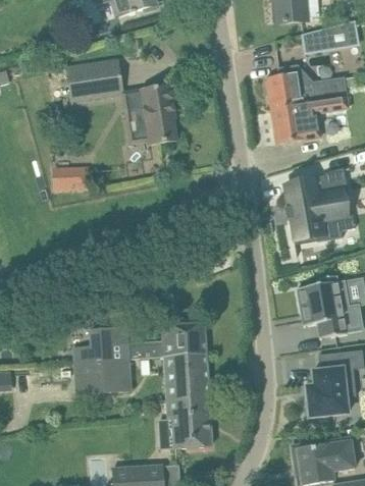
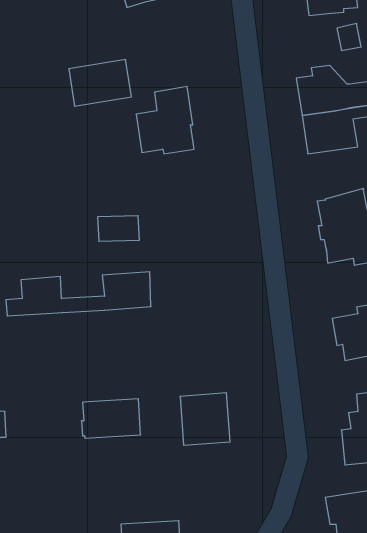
building: [54,165,91,187] -> [98,216,139,241]
building: [77,322,205,361] -> [6,272,151,316]
building: [167,395,211,447] -> none

